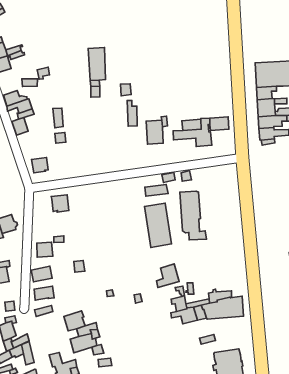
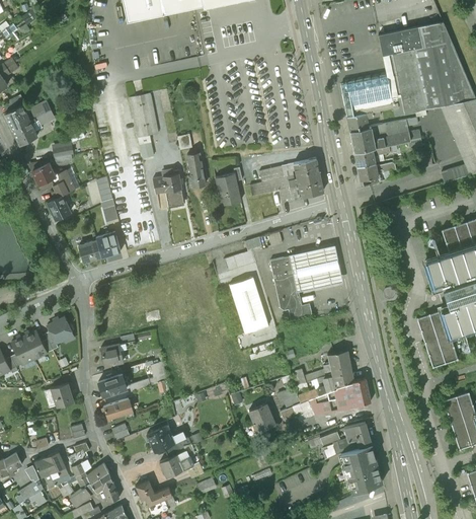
building: none -> [153,168,184,208]
building: none -> [297,172,323,196]
building: none -> [293,248,340,289]
building: [51,195,69,212] -> [96,232,121,255]
building: [156,264,179,287] -> [246,403,274,436]
building: none -> [326,351,351,377]
building: none -> [339,422,371,453]

